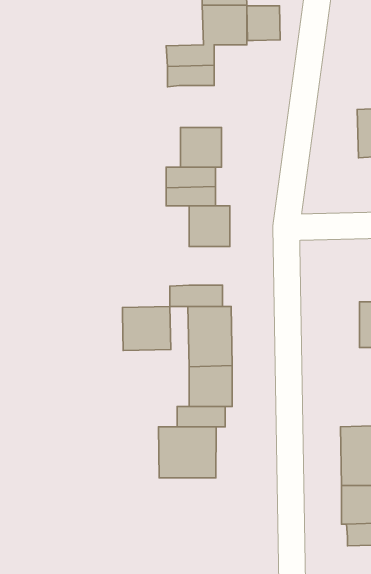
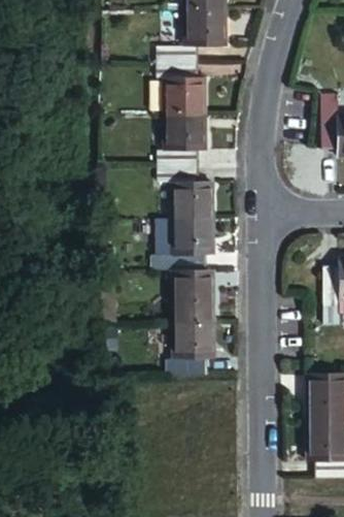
building: [247,6,280,41] -> none
building: none -> [168,82,204,118]
building: none -> [176,220,211,253]
building: [122,307,171,351] -> none
building: [158,427,216,478] -> none

